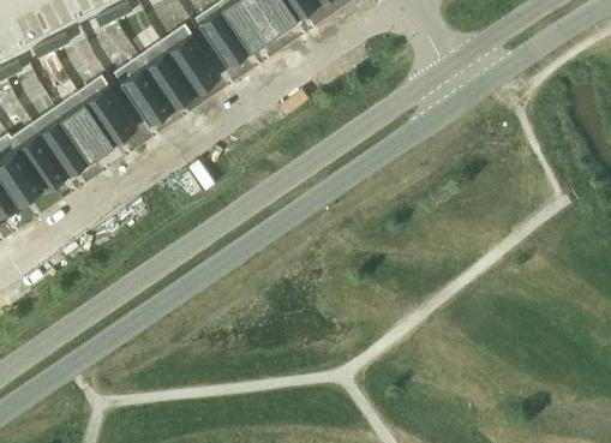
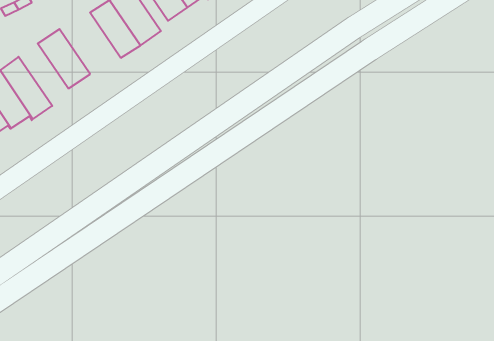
building: [114,55,174,125] -> none
building: [54,91,113,164] -> none

